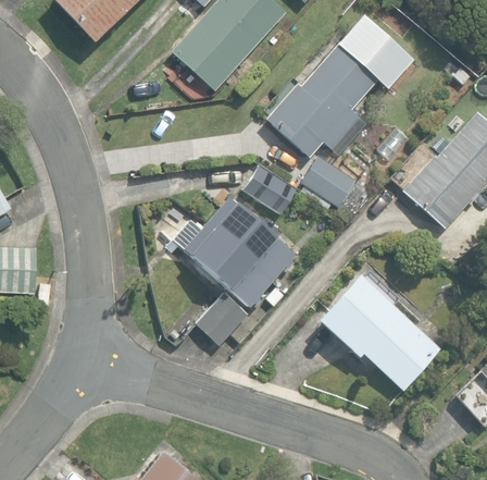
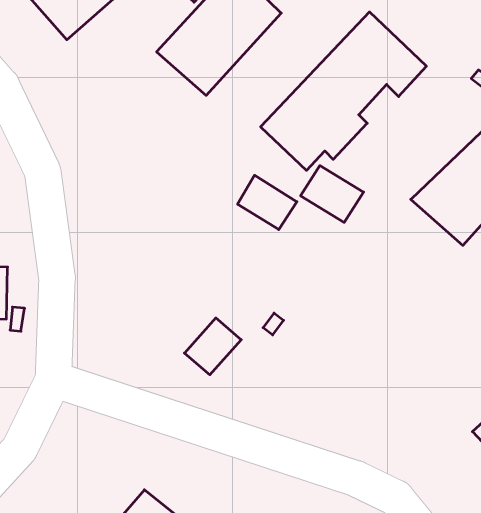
building: [182,192,296,308] -> none
building: [314,269,442,390] -> none

